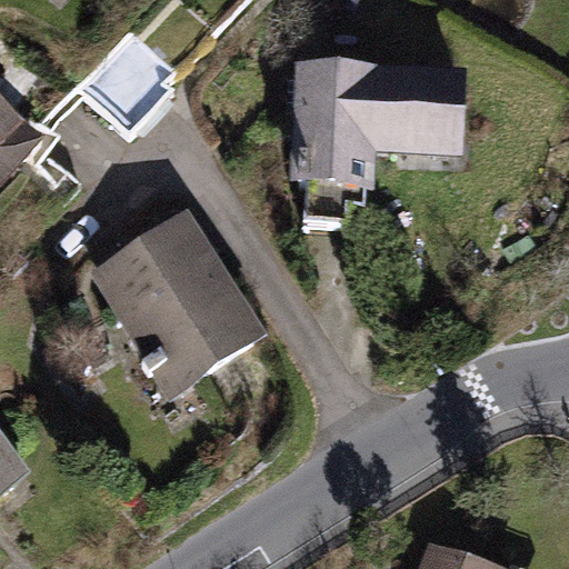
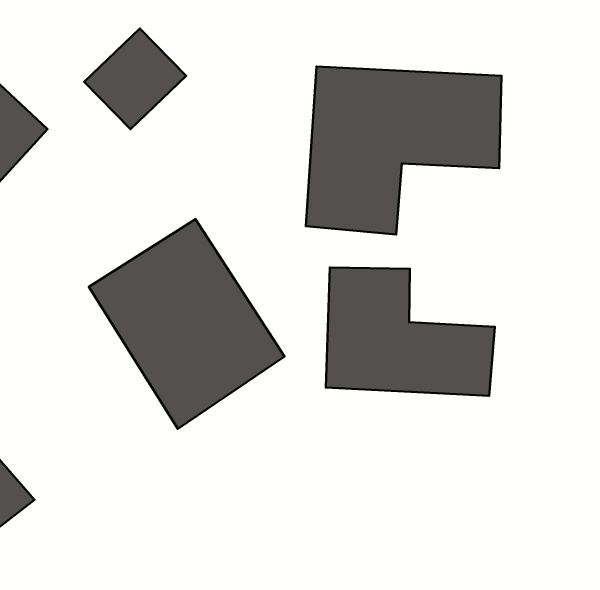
building: none -> [326,267,495,396]

